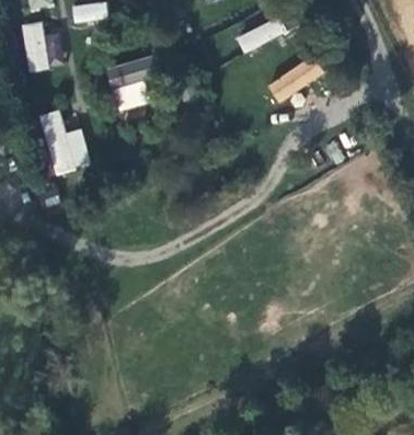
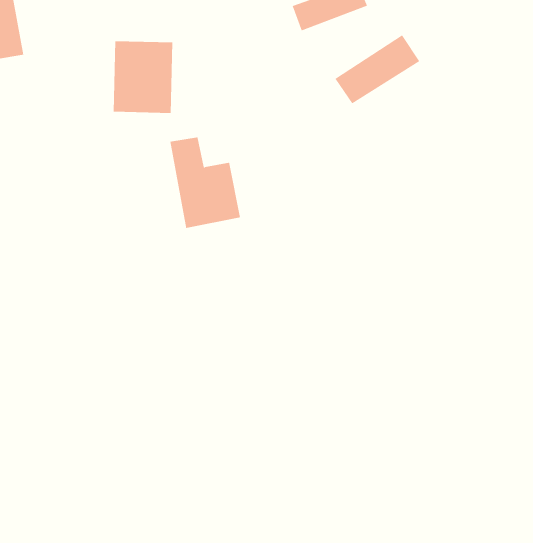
building: [38,112,88,175] -> [170,137,241,229]

